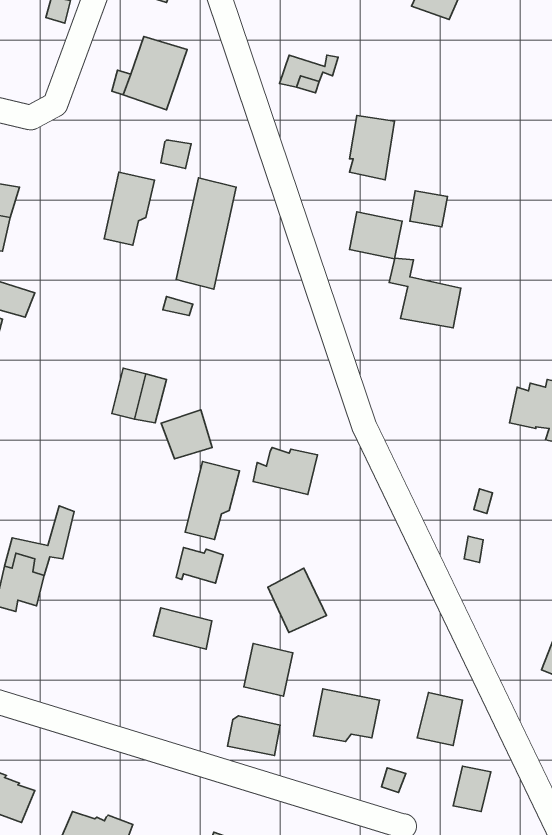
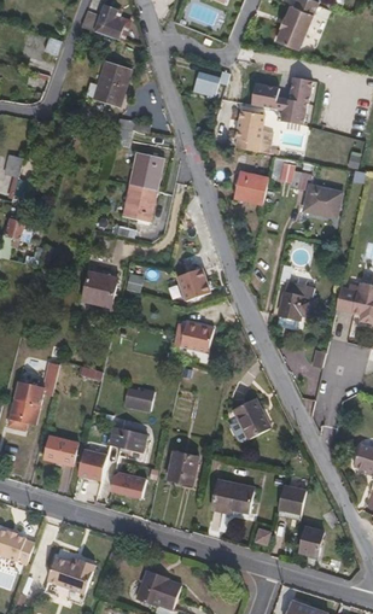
building: none -> [252,76,314,125]
building: [104,172,155,245] -> none
building: [389,258,461,328] -> [295,171,340,216]
building: none -> [278,283,313,321]
building: [161,410,212,459] -> [176,270,209,302]
building: [185,462,240,540] -> none
building: [268,568,326,632] -> [234,397,272,438]
building: none -> [43,435,76,464]
building: none -> [76,449,105,480]
building: [227,716,280,755] -> [110,472,144,497]

